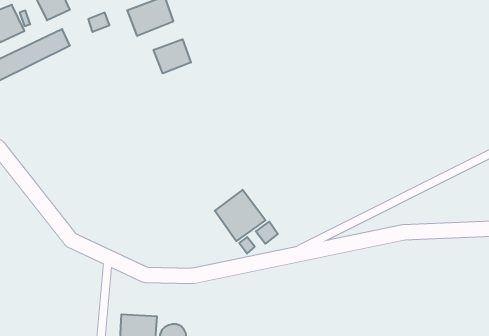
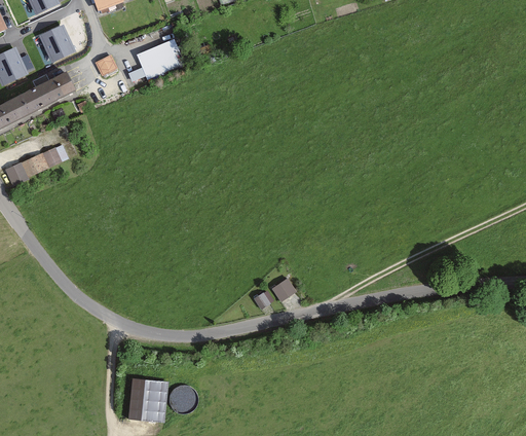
building: [154,39,191,73] -> none
building: none -> [5,144,71,185]
building: [215,190,265,241] -> none

